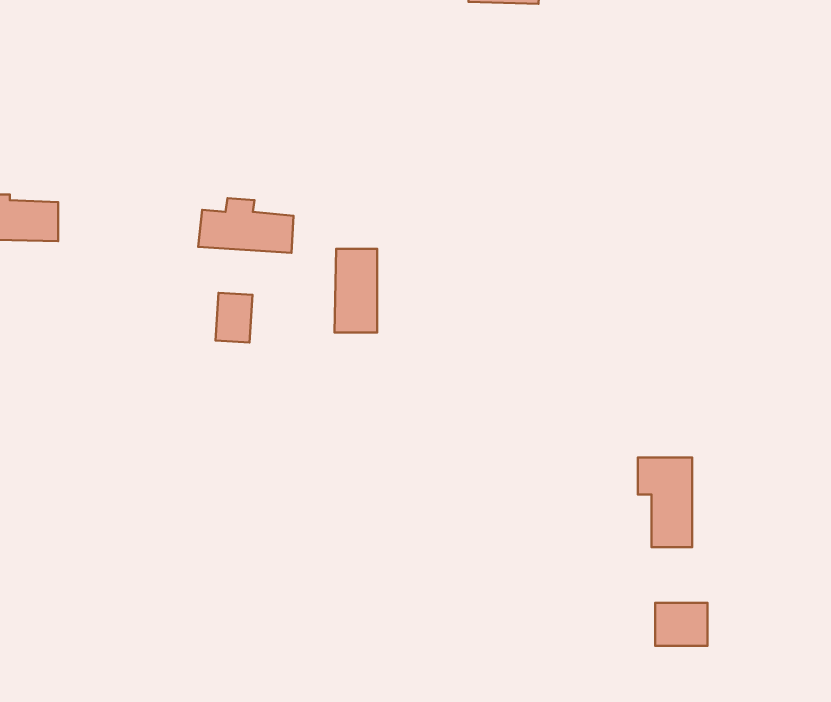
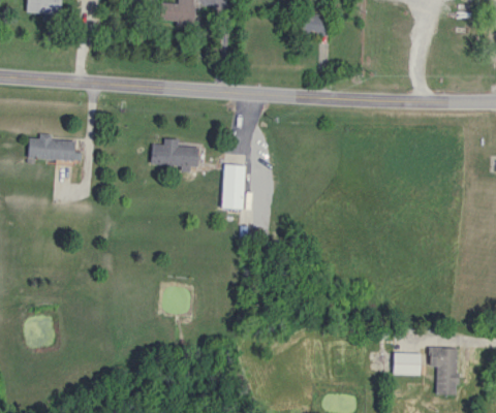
building: [215,293,252,343] -> none
building: [638,458,692,547] -> [430,348,459,395]

